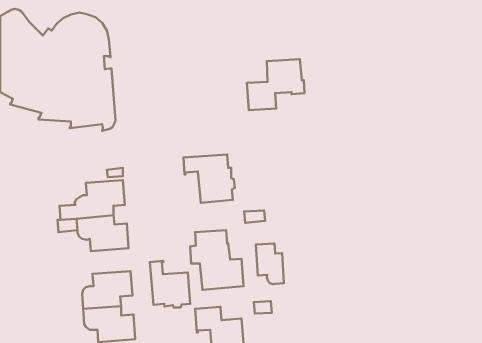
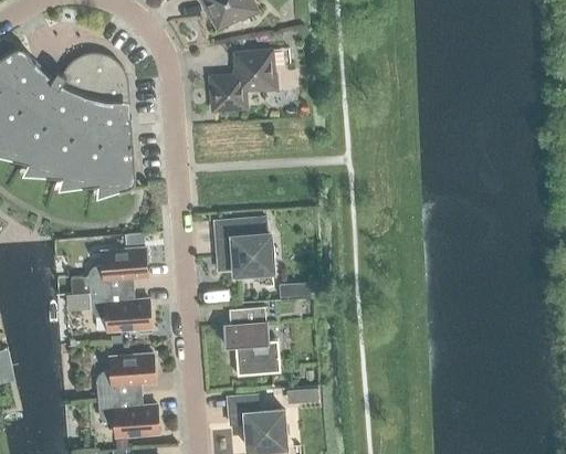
building: [247,59,305,110] -> [210,51,277,110]
building: [256,243,284,284] -> none
building: [150,261,190,308] -> none

